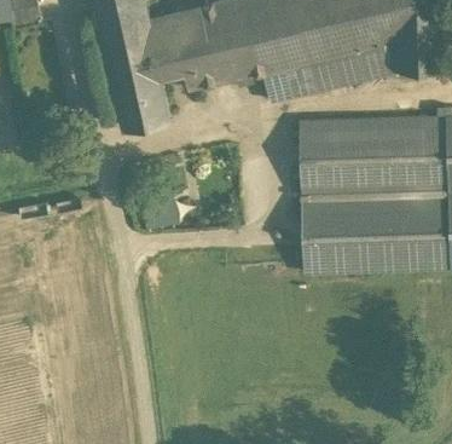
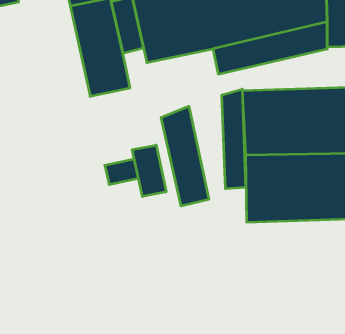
building: none -> [222,89,245,189]
building: none -> [161,106,209,206]
building: none -> [132,145,166,197]

